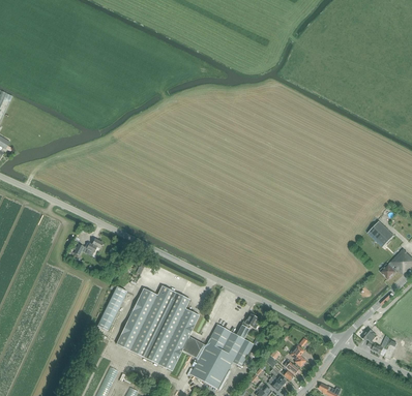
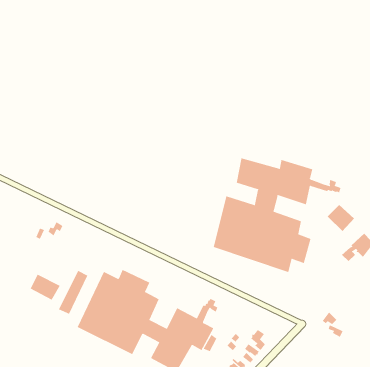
building: none -> [213,157,341,273]
building: none -> [30,274,60,300]

